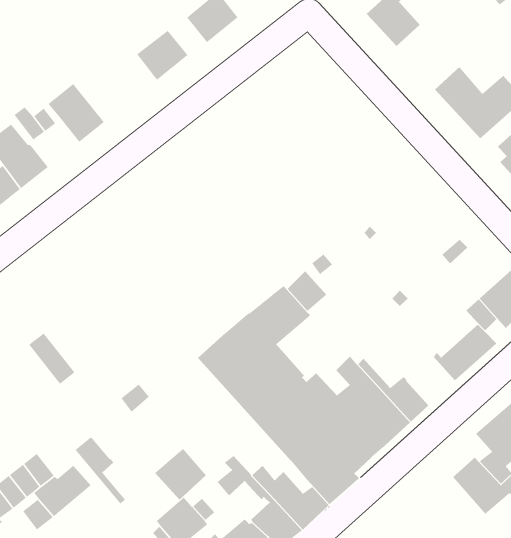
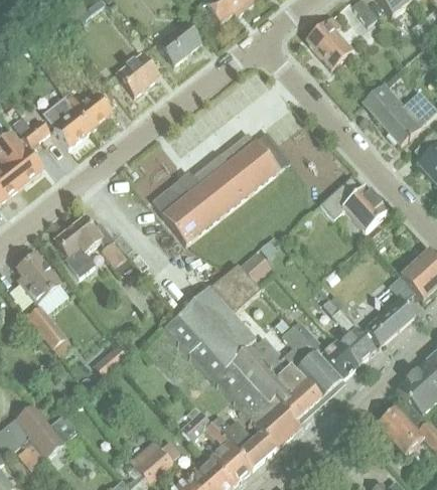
building: none -> [63,93,111,130]
building: none -> [152,133,279,244]
building: none -> [318,175,387,231]
building: none -> [54,218,126,277]
building: none -> [16,256,59,304]
building: none -> [322,299,376,364]
building: [74,436,126,505] -> none
building: [154,448,207,500] -> none

